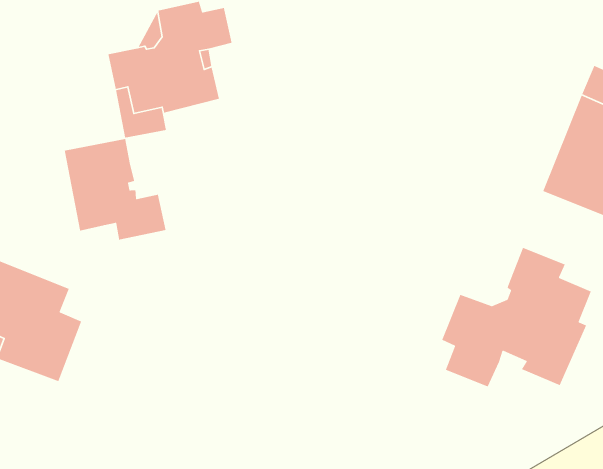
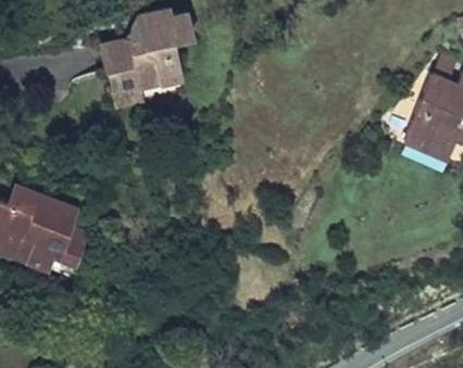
building: [64,138,167,241] -> none
building: [441,247,592,387] -> none

